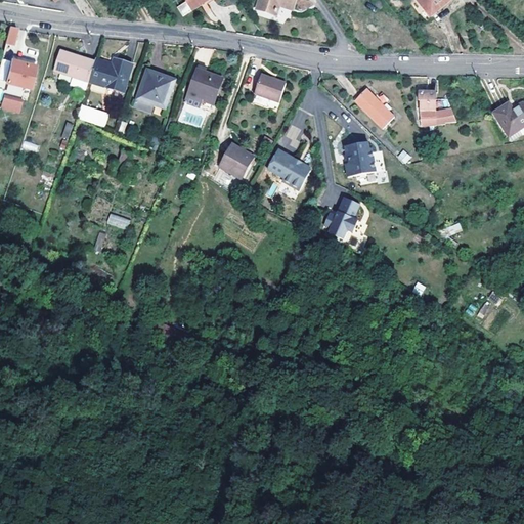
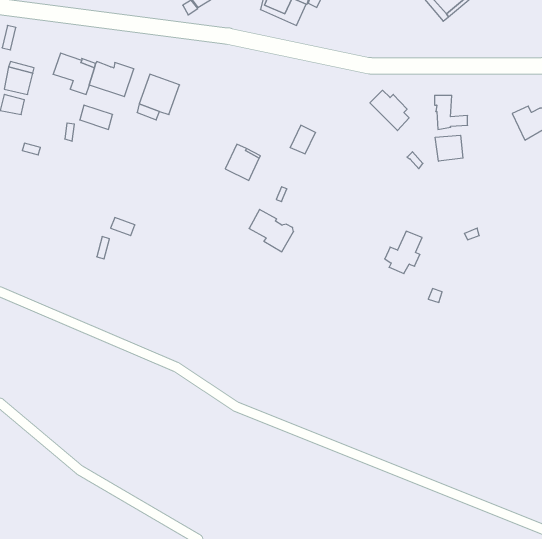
building: [186,72,223,108] -> none
building: [253,73,285,101] -> none
building: none -> [435,135,463,161]
building: [347,139,377,174] -> none
building: [269,147,312,188] -> [249,209,294,252]
building: [325,195,361,236] -> [385,231,422,274]

